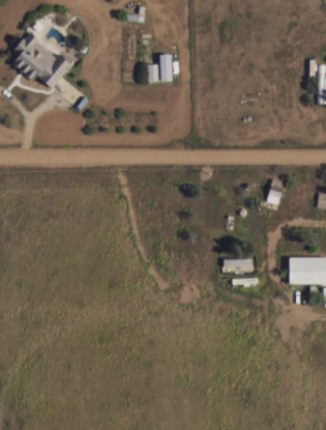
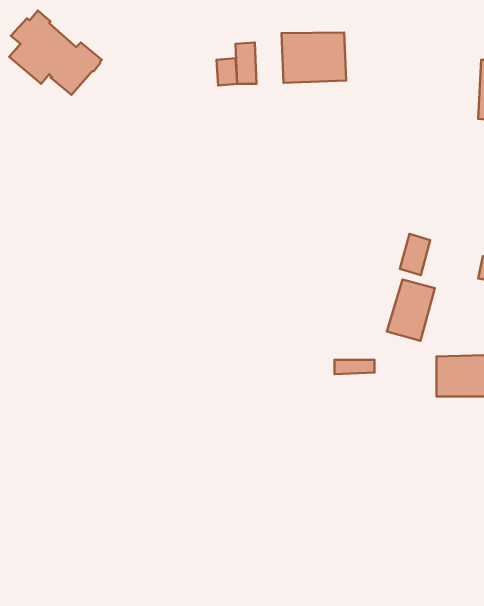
building: none -> [282,33,346,83]
building: none -> [387,279,435,341]

